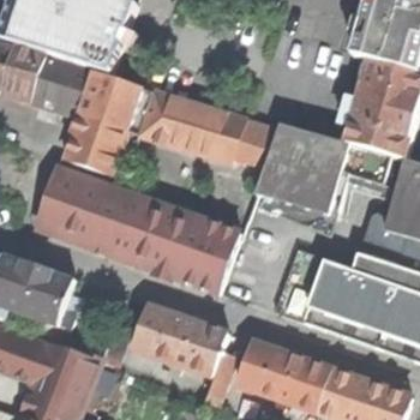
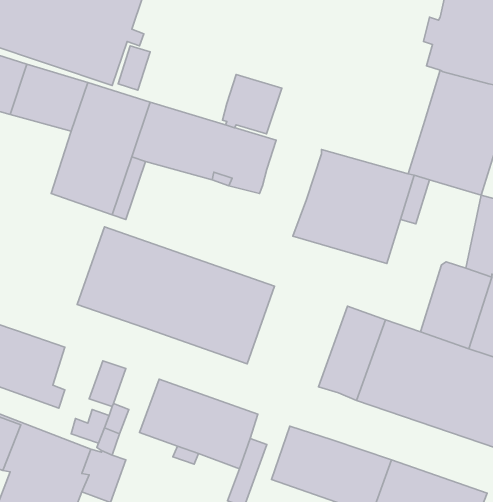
building: [228,115,275,162] -> [222,74,282,134]
building: [37,168,103,245] -> none

